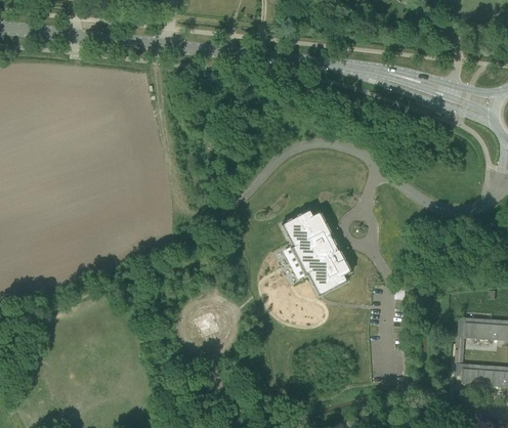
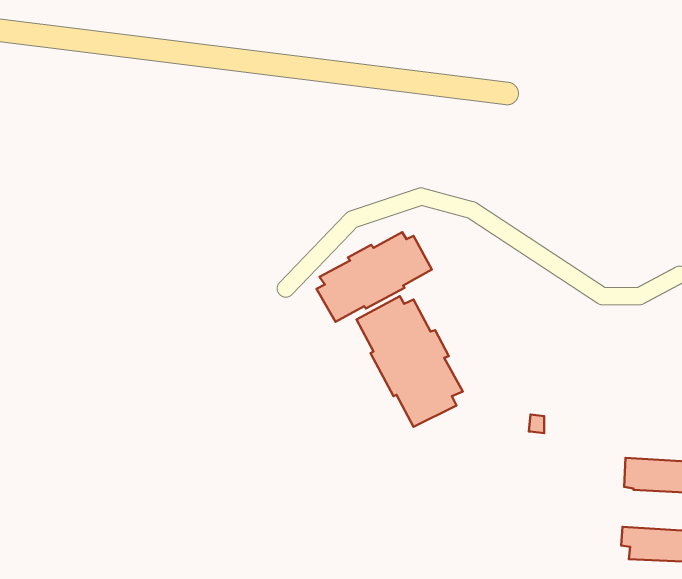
building: none -> [317,232,432,322]

